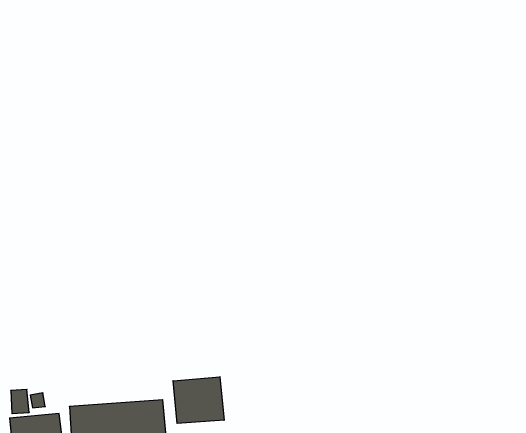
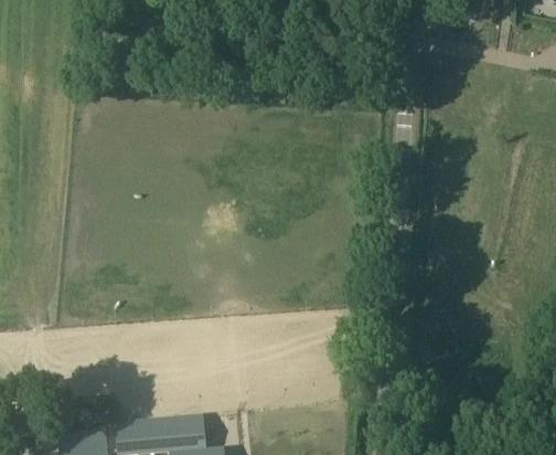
building: [173,377,224,423] -> none

